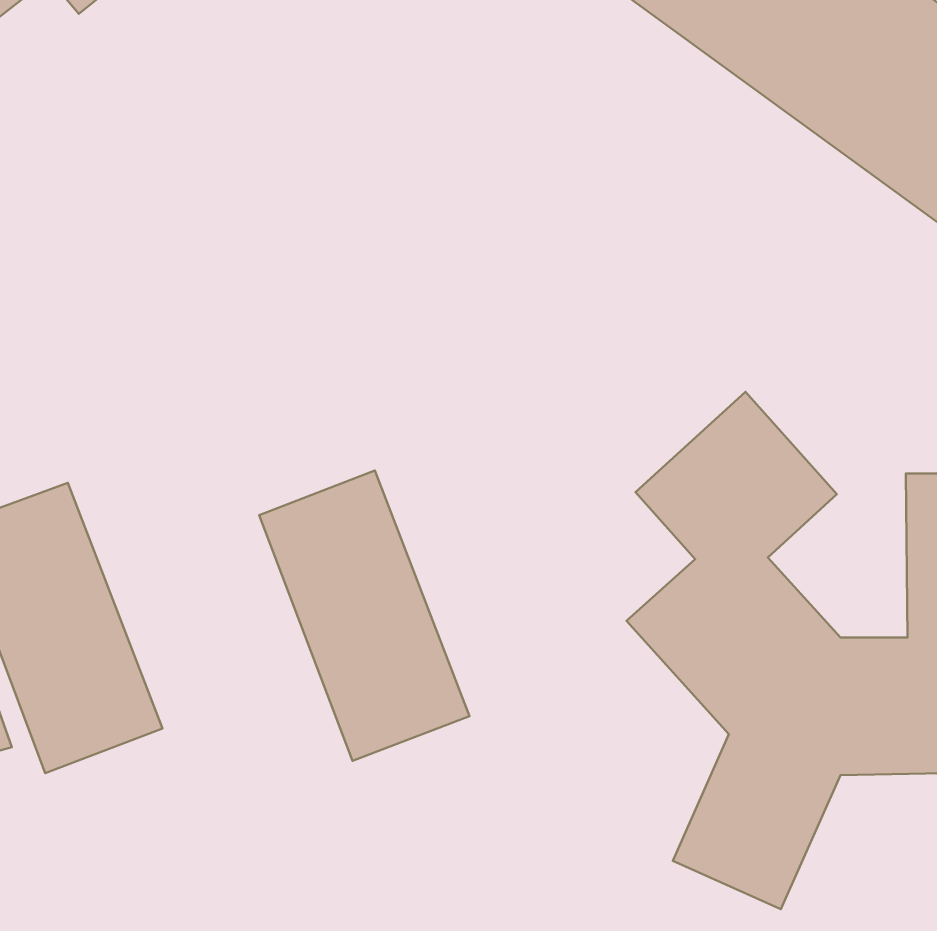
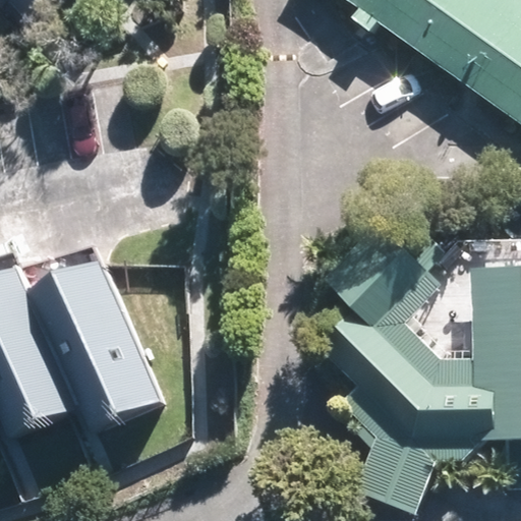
building: [259,471,470,761] -> [55,257,170,416]

